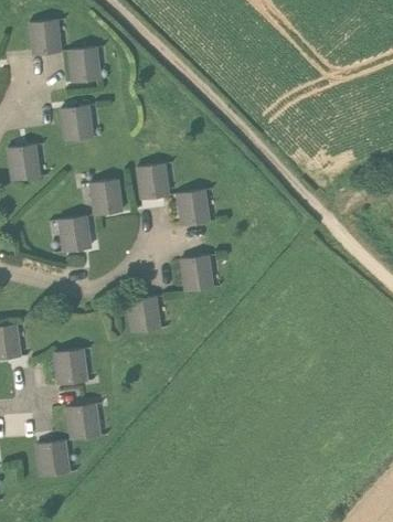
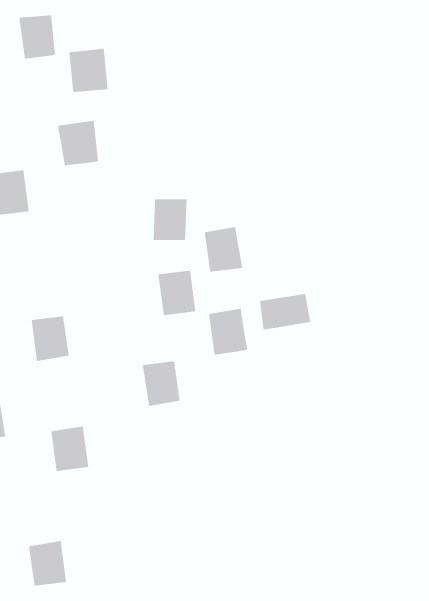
building: [91,179,121,215] -> [158,270,196,316]
building: [60,215,91,252] -> [31,316,70,361]
building: none -> [260,293,311,331]
building: [68,402,102,439] -> none

